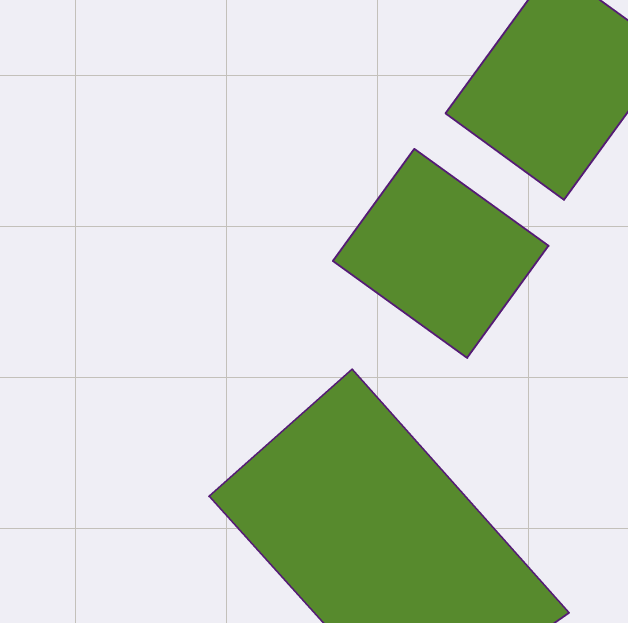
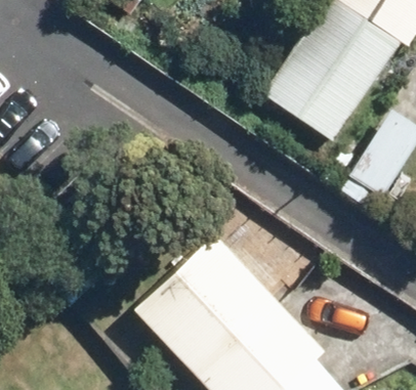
building: [333,149,549,358] -> none

